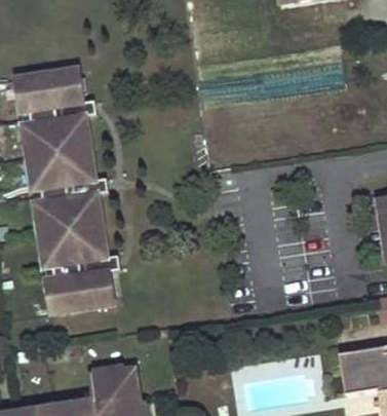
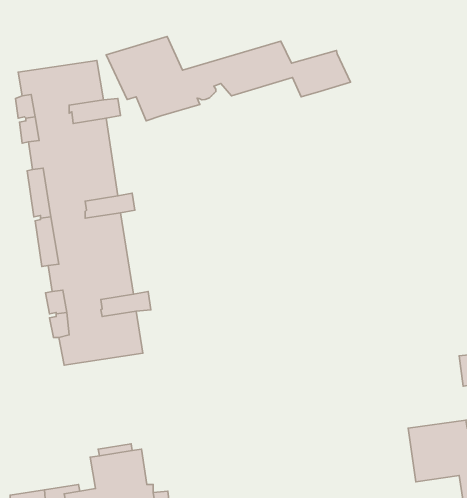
building: none -> [106,37,351,121]

